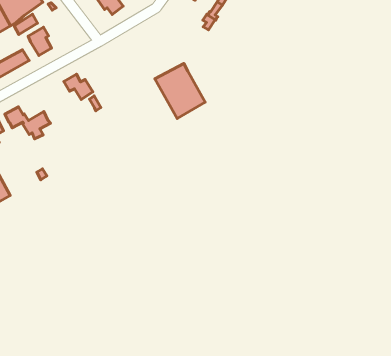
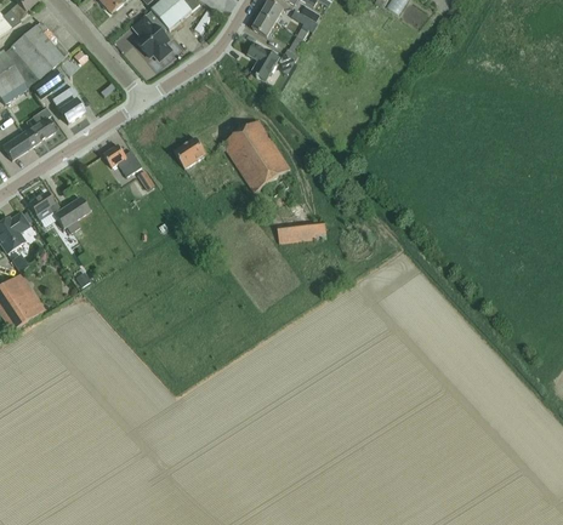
building: none -> [248,44,278,80]
building: none -> [172,137,205,169]
building: none -> [275,221,325,244]

